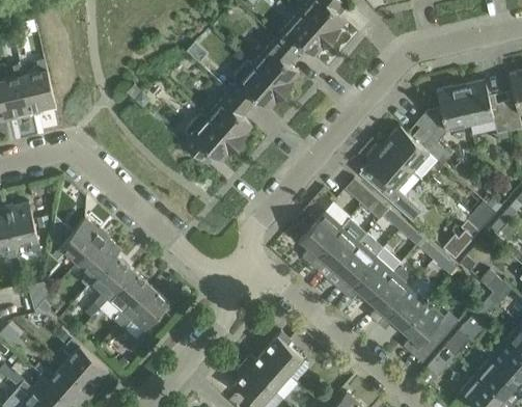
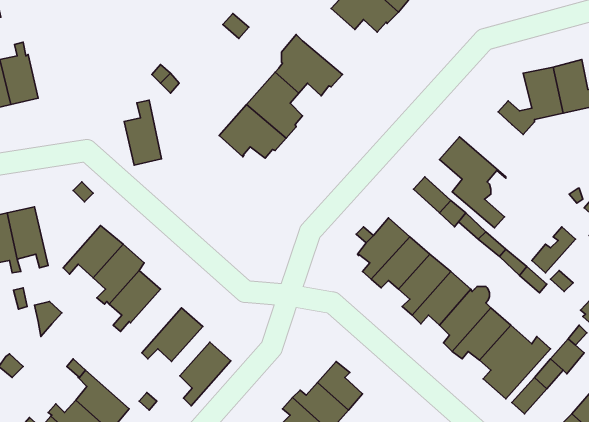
building: [252,38,300,93] -> none
building: [24,59,55,113] -> [124,100,162,165]
building: [383,127,450,179] -> none
building: [109,272,152,325] -> [180,342,231,406]

